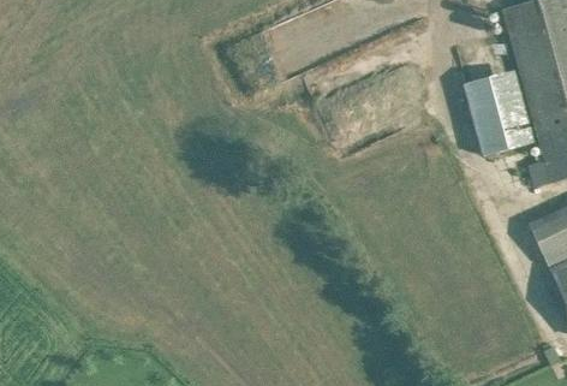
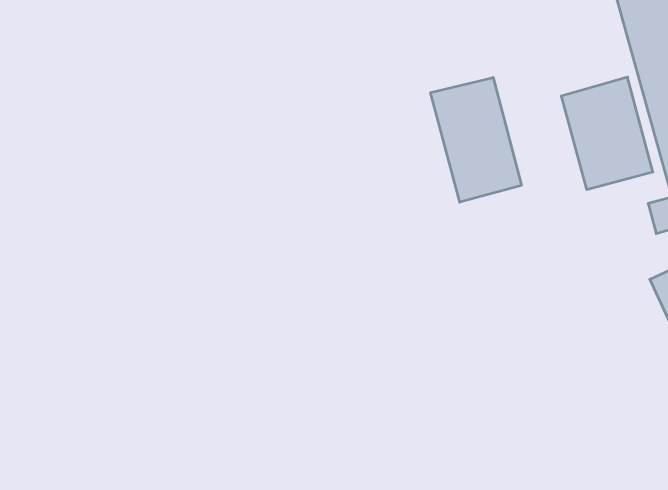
building: none -> [431,77,521,202]

